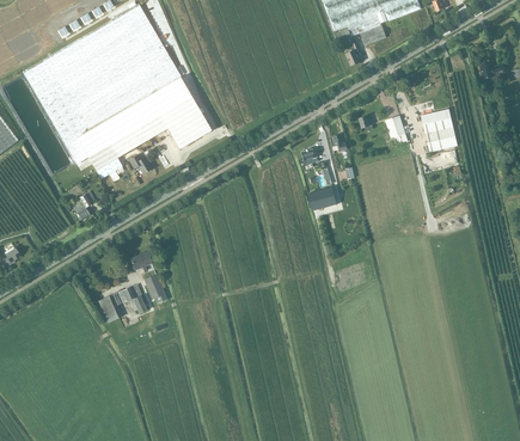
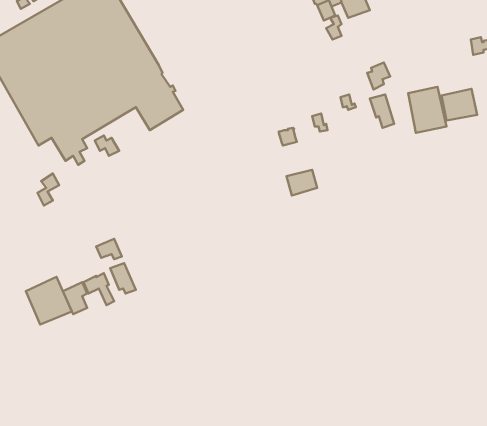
building: none -> [441,89,477,121]
building: none -> [26,277,72,325]

